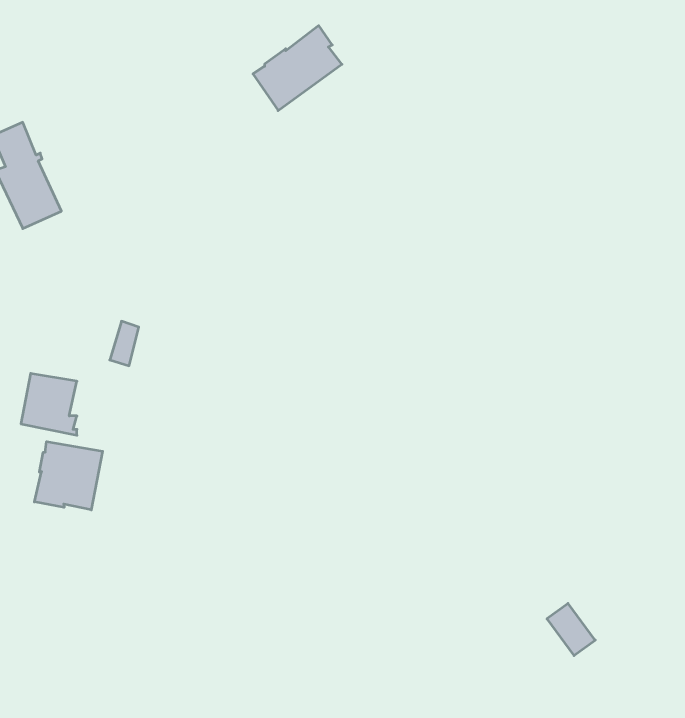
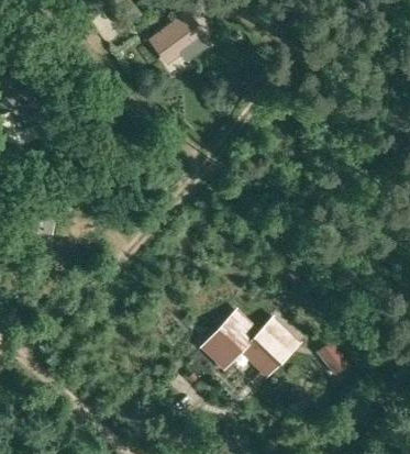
building: [34,442,103,510] -> none
building: none -> [210,320,292,370]

